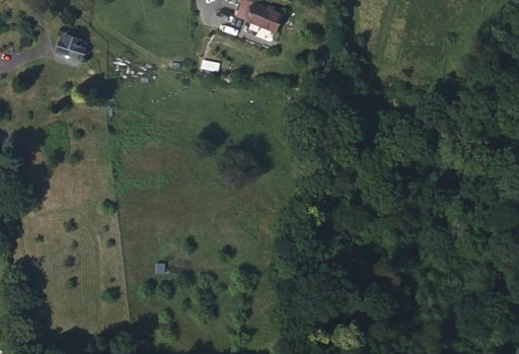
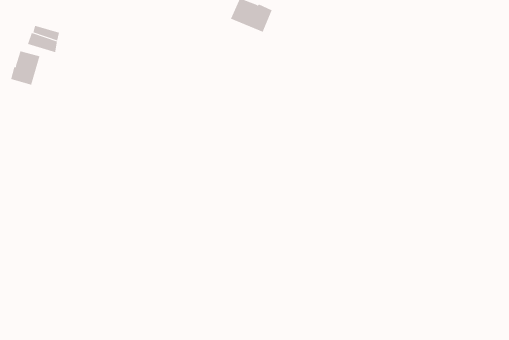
building: none -> [11,51,40,85]

